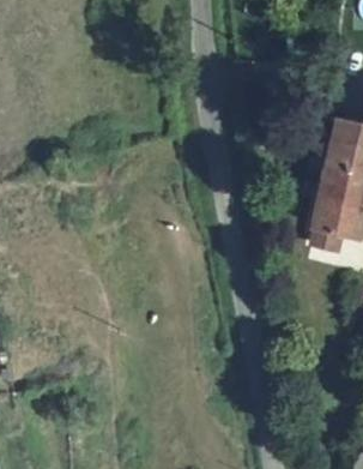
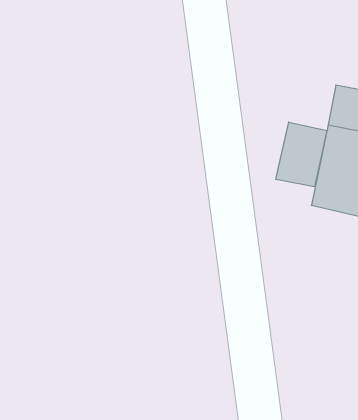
building: none -> [276,122,327,187]

